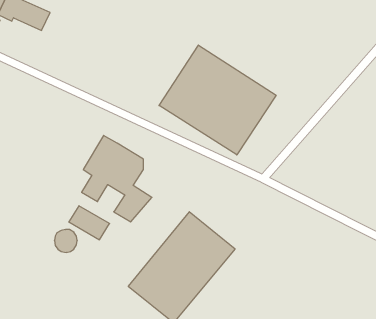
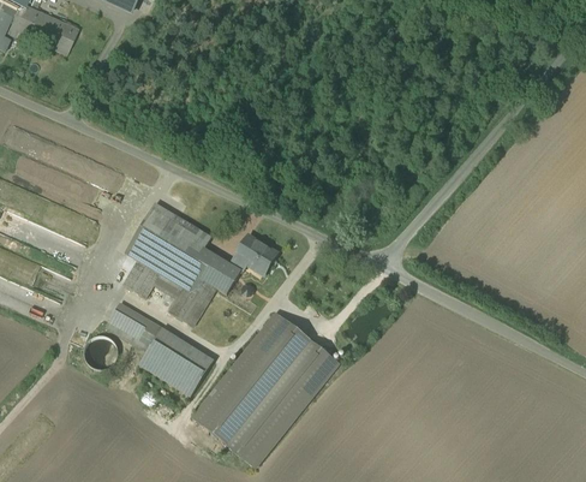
building: [159,45,276,155] -> none
building: none -> [197,237,283,298]
building: none -> [140,327,214,395]

